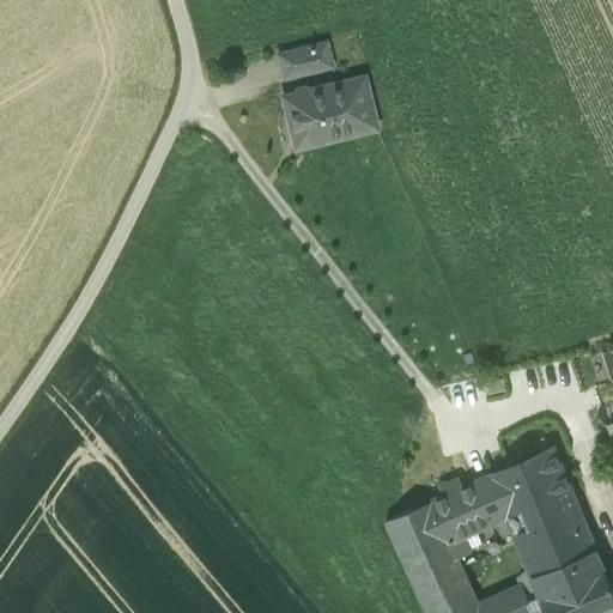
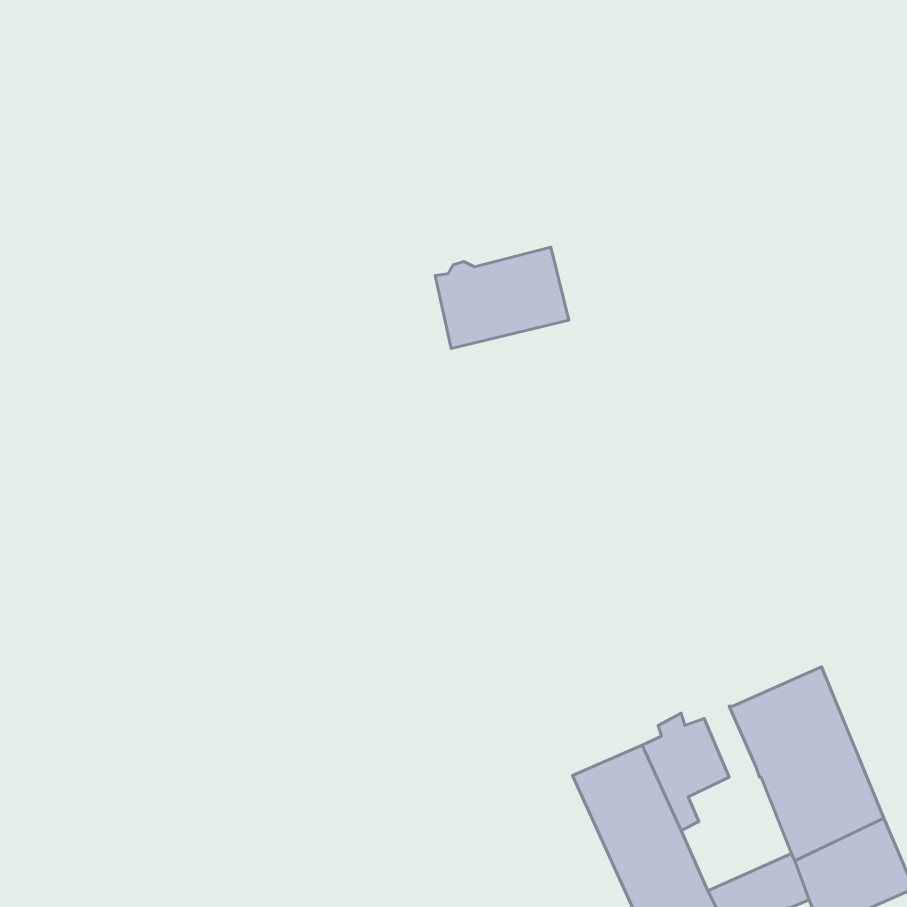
building: [279,47,330,79] -> none
building: [285,80,375,148] -> [435,247,569,349]
building: [475,477,510,524] -> none

